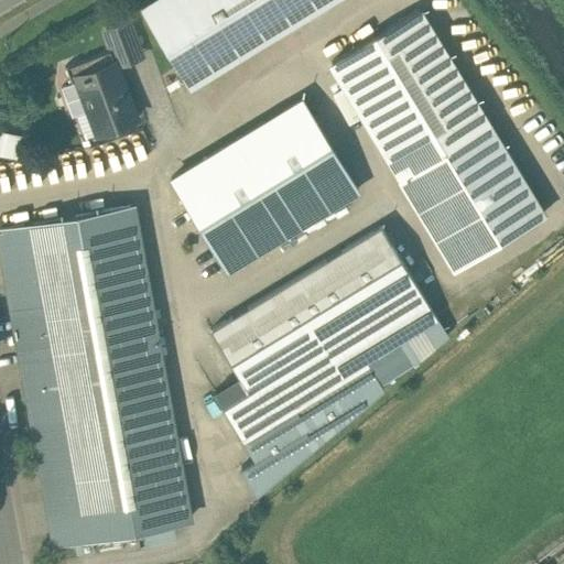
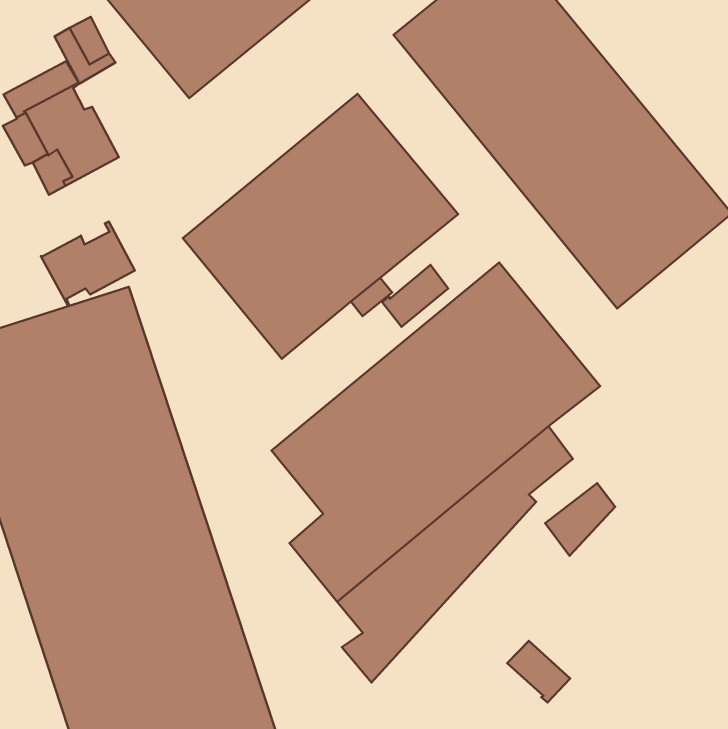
building: none -> [41,221,135,306]
building: none -> [382,265,448,327]
building: [400,321,448,367] -> [545,483,615,556]
building: none -> [507,641,570,702]

